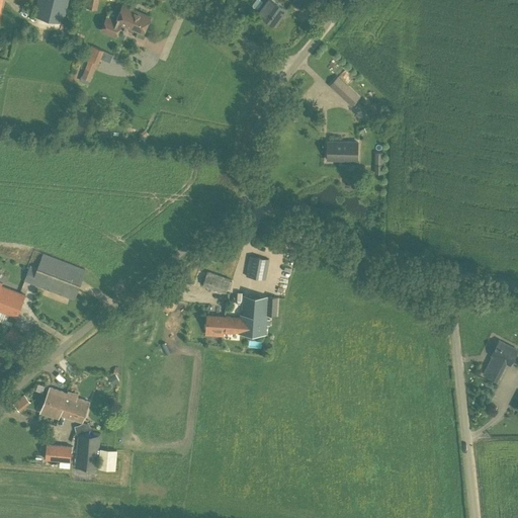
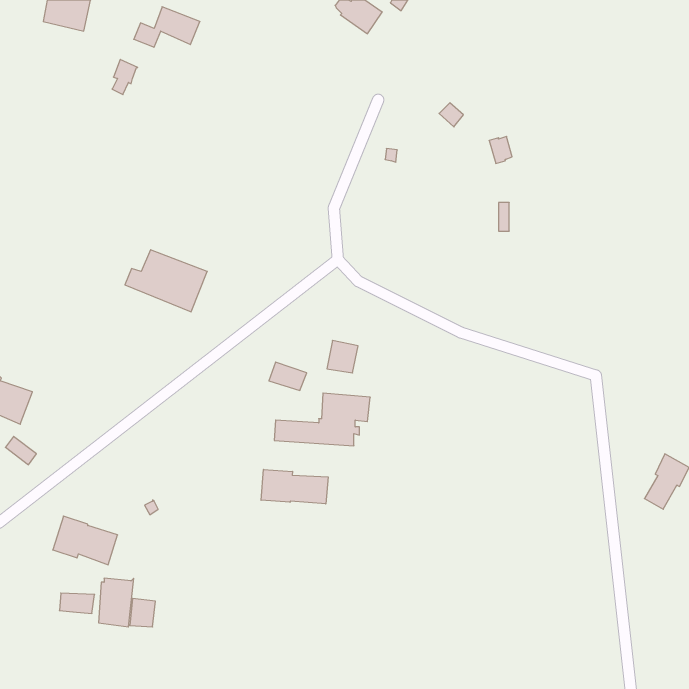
building: [327,142,357,161] -> none
building: [23,254,85,300] -> [125,250,207,312]
building: none -> [261,469,328,504]

